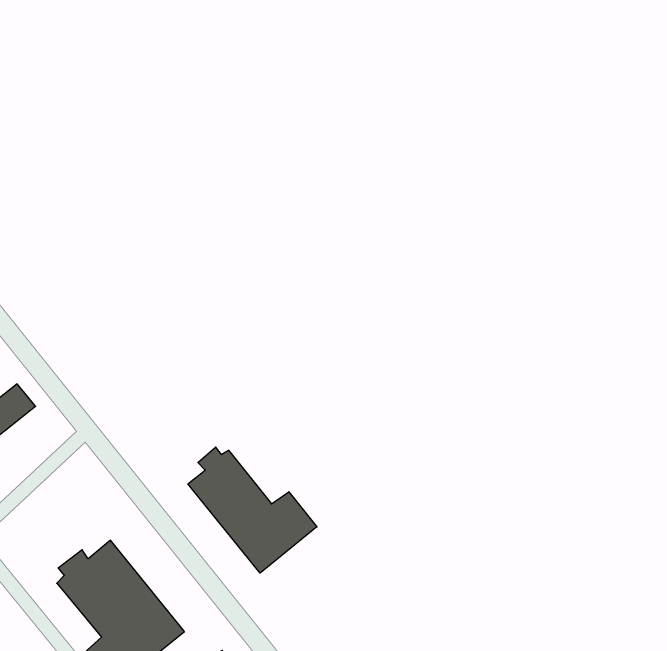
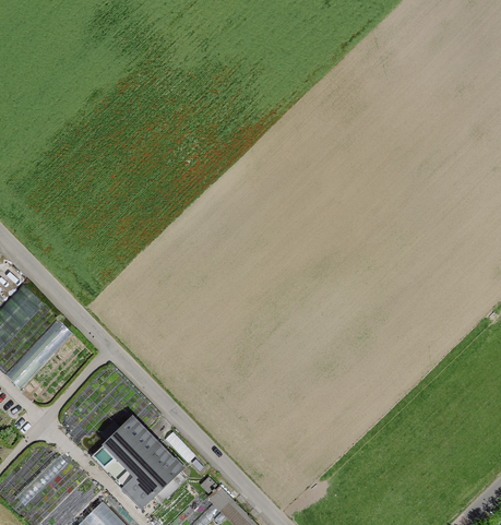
building: [188,447,317,573] -> none

